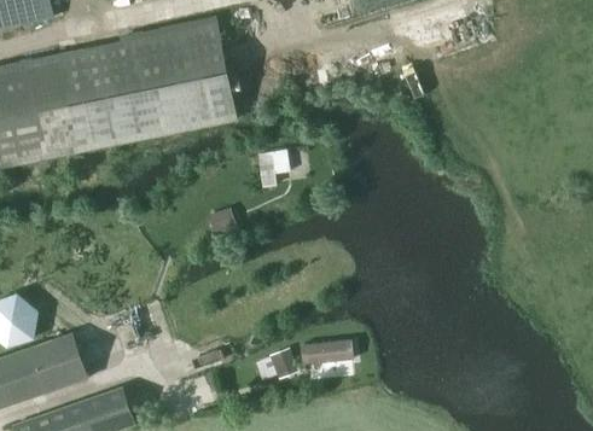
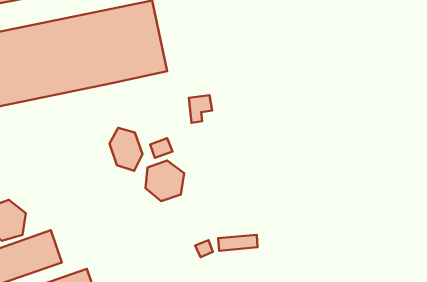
building: none -> [109,128,142,171]
building: none -> [145,161,184,201]

